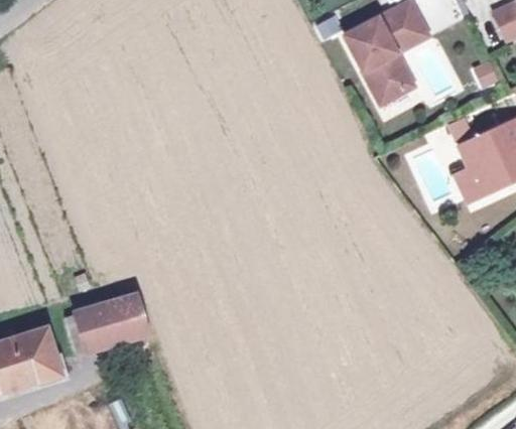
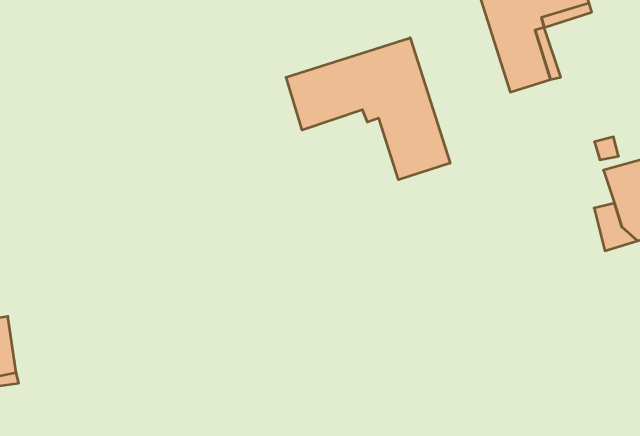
building: none -> [286,38,450,180]
building: [79,294,148,349] -> none

